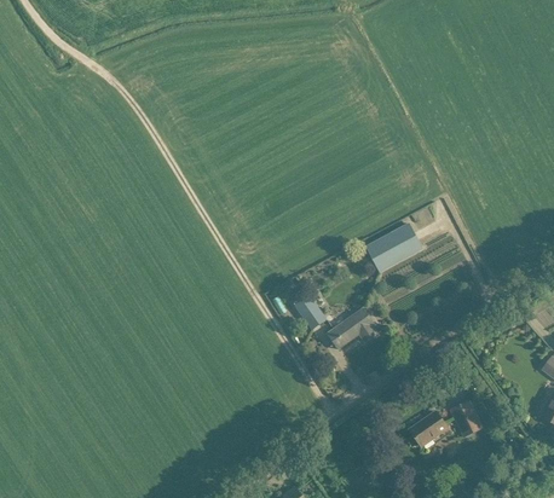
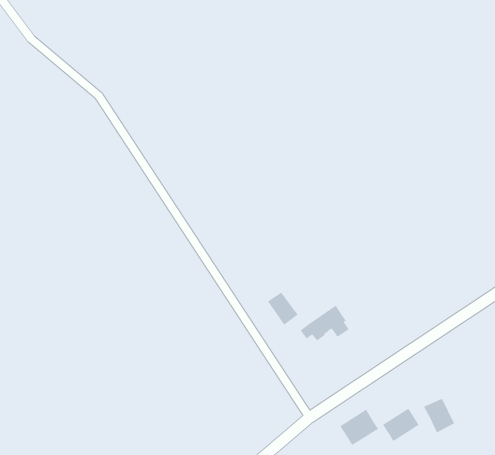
building: [367,222,423,272] -> none
building: none -> [340,409,379,446]

